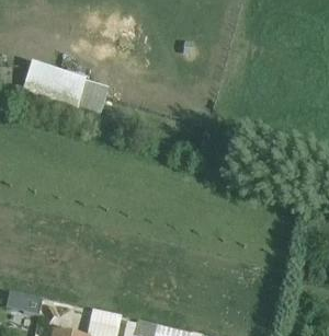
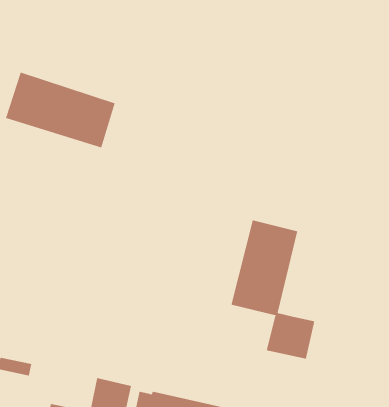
building: none -> [231,219,315,360]

